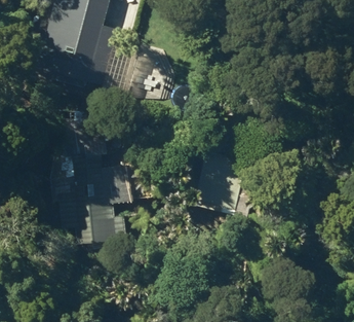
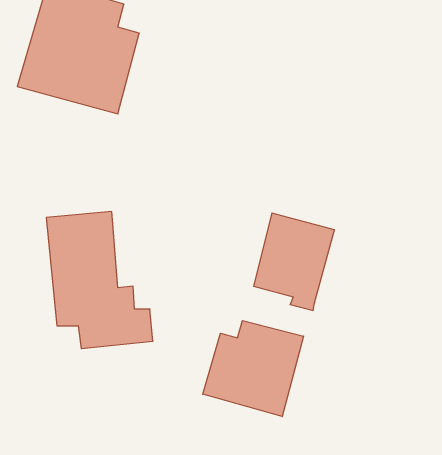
building: none -> [203,321,304,417]

